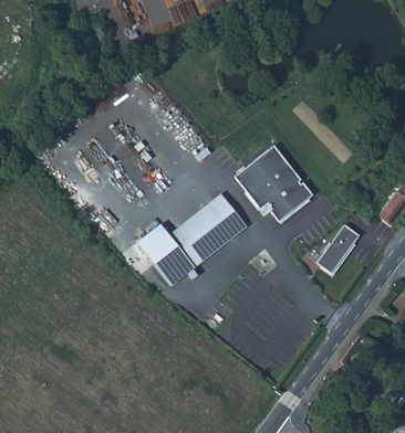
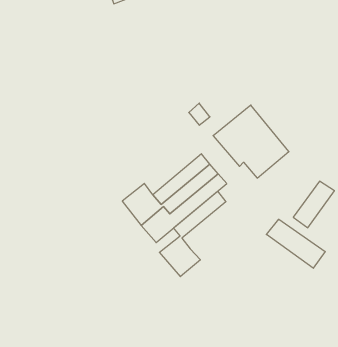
building: none -> [159,191,226,277]
building: none -> [266,219,325,268]

